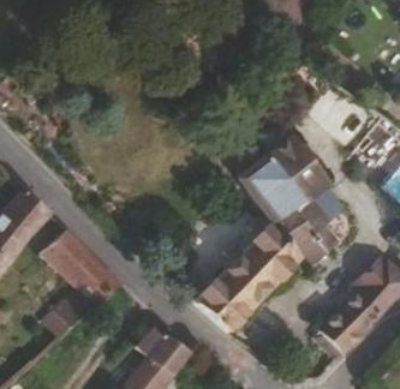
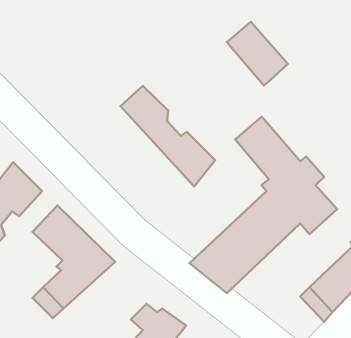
building: none -> [121,86,215,186]
building: [271,128,333,192] -> [227,22,288,85]

